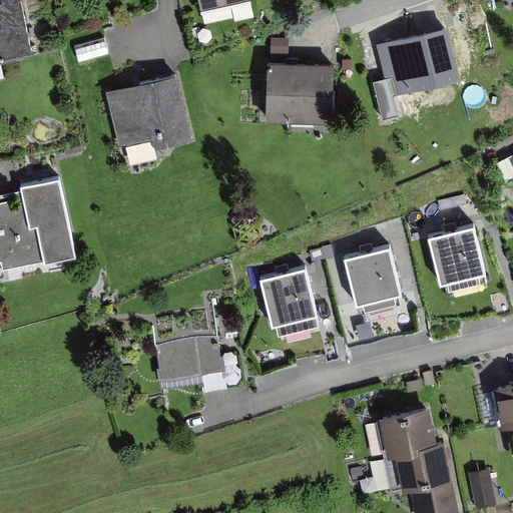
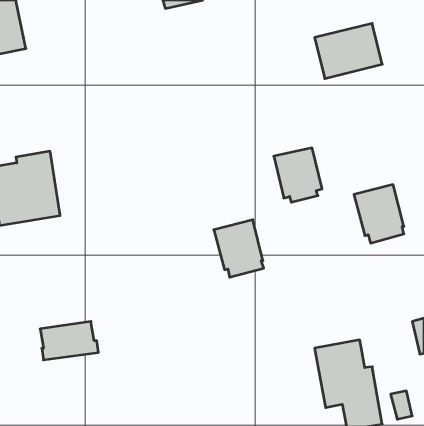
building: [268,63,336,123] -> none
building: [104,78,190,159] -> none
building: [342,244,400,310] -> [274,148,322,202]
building: [153,334,223,380] -> [40,321,98,360]

